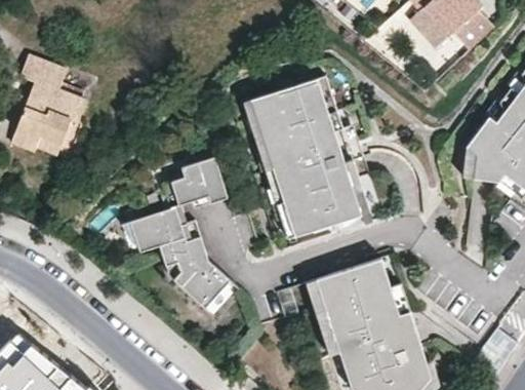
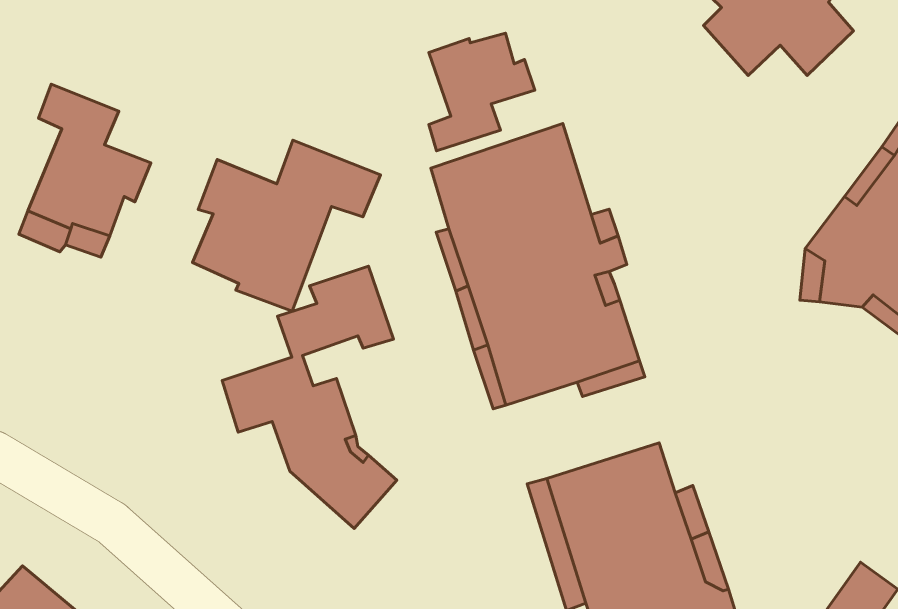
building: none -> [429,33,535,151]
building: none -> [192,140,381,311]

